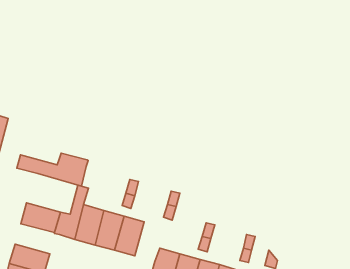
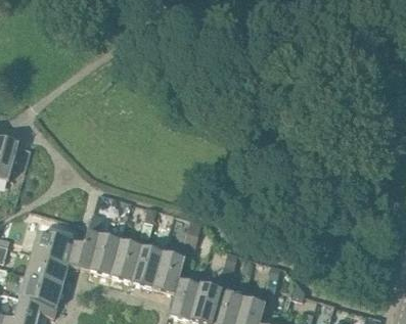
building: [17,153,88,186] -> none
building: none -> [152,250,185,292]
building: none -> [26,252,67,284]

